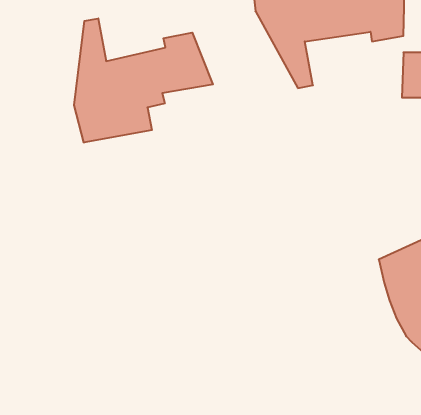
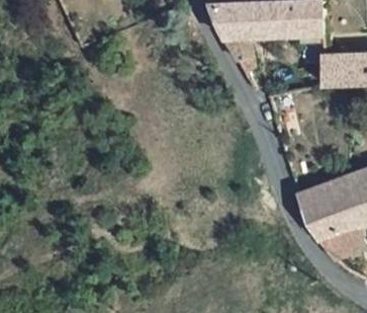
building: [74,18,213,143] -> none

